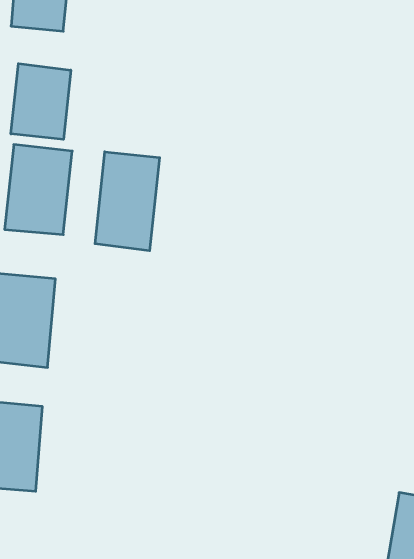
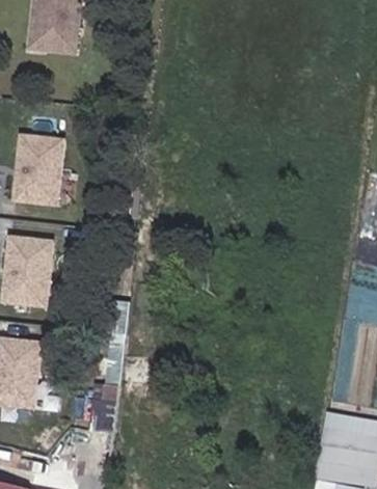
building: [11,64,71,139] -> none
building: [95,152,160,251] -> none

